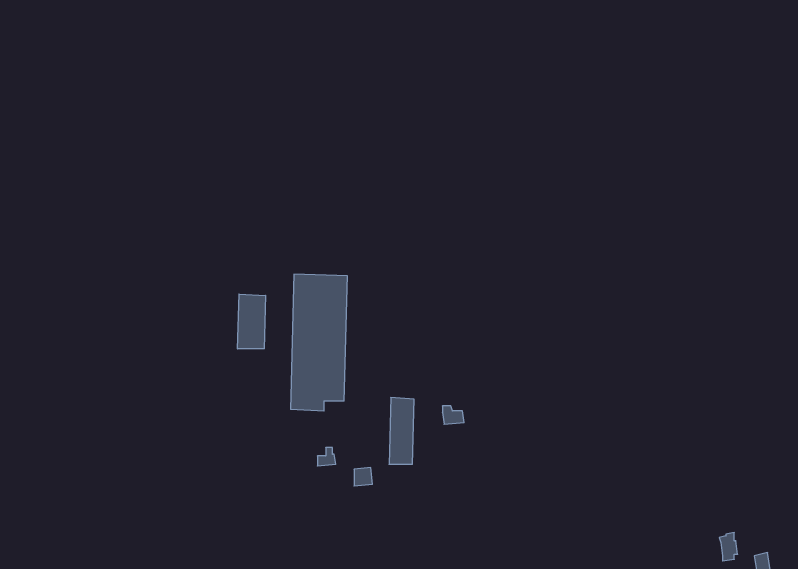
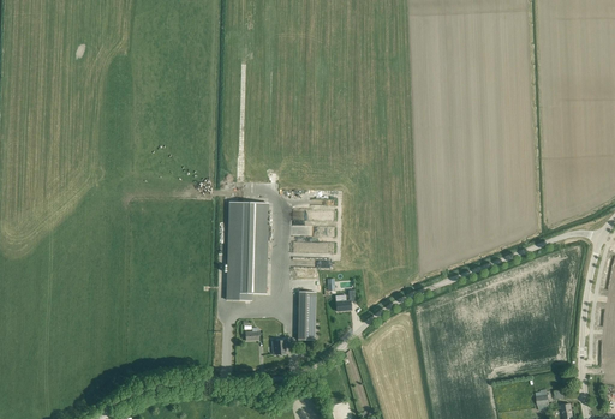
building: [238,294,266,349] -> none

